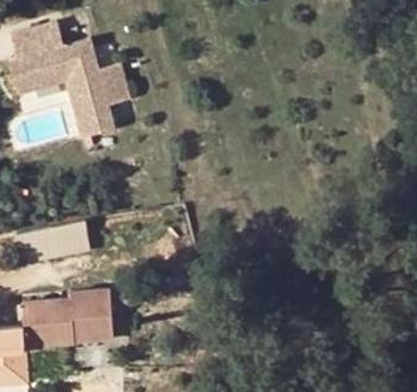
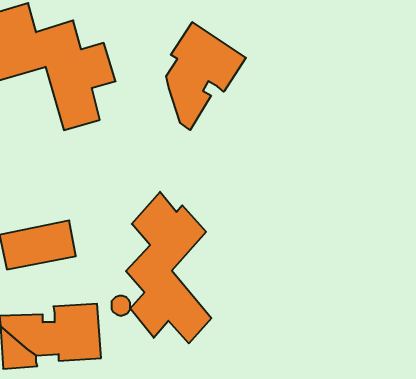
building: none -> [166,22,246,130]
building: none -> [126,192,211,343]

